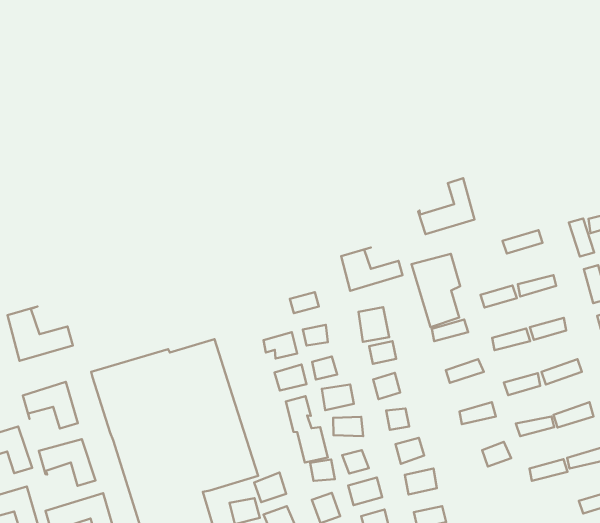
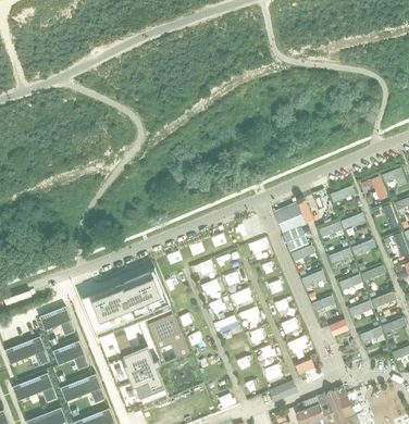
building: [418,178,475,234] -> none
building: [341,247,403,291] -> none
building: [8,306,73,361] -> none

